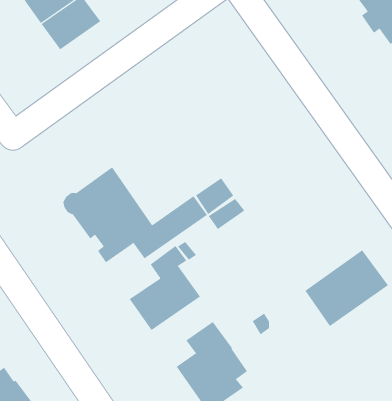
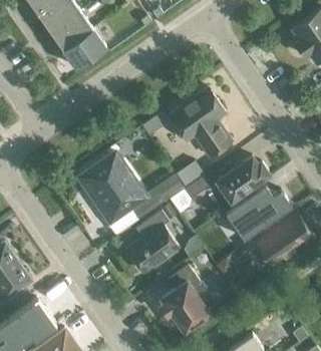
building: none -> [169,88,232,157]
building: none -> [217,156,268,202]
building: none -> [226,187,291,241]

